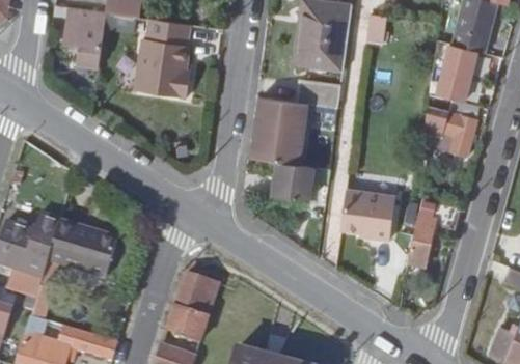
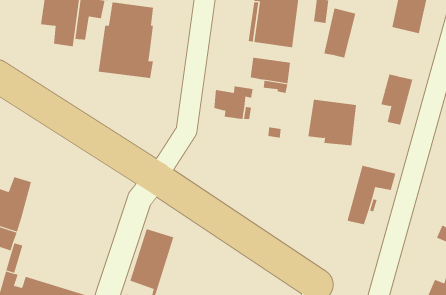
building: [441,44,477,100] -> [323,8,356,58]
building: [274,160,316,199] -> none
building: [340,196,395,248] -> [307,99,357,146]
building: [45,218,113,273] -> none

